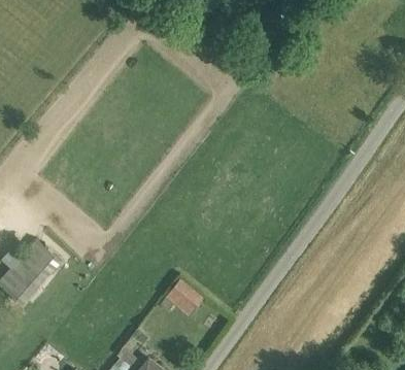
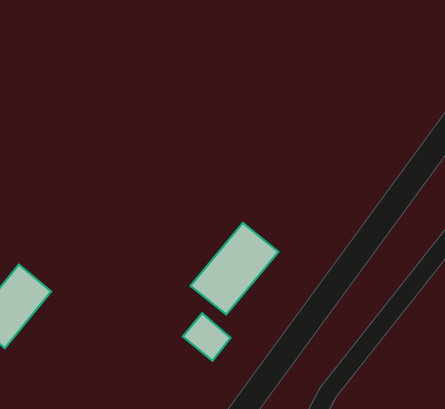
building: none -> [191,223,278,315]

